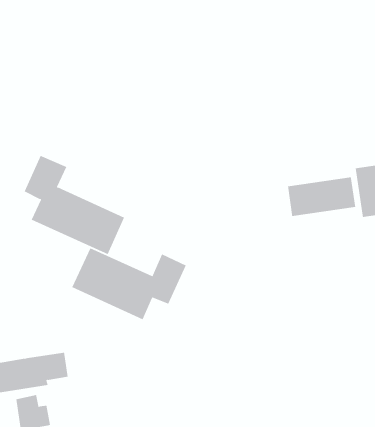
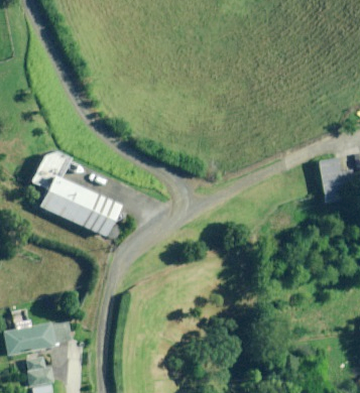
building: [287,177,356,217] -> none
building: [71,247,186,320] -> none

